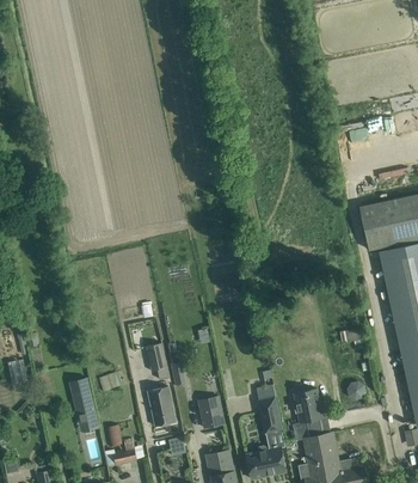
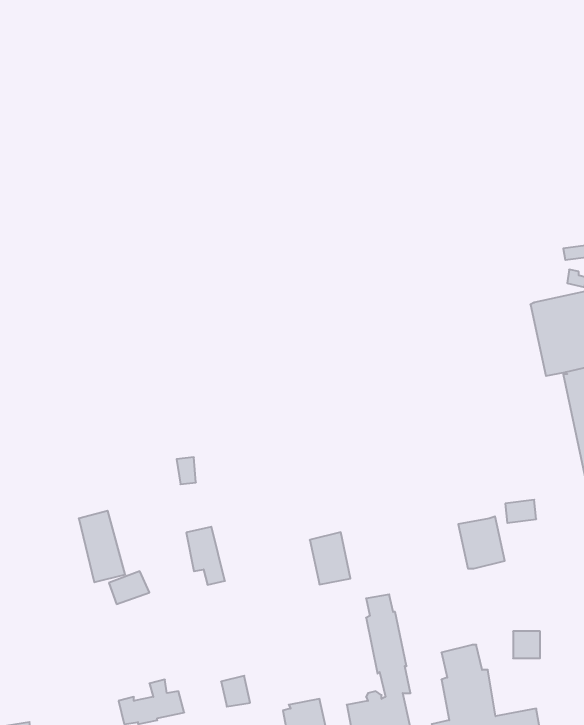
building: [148,387,176,427] -> none
building: [72,389,100,433] -> [79,511,125,582]
building: [295,390,324,422] -> [458,516,505,569]
building: [199,396,225,428] -> [310,532,350,584]

